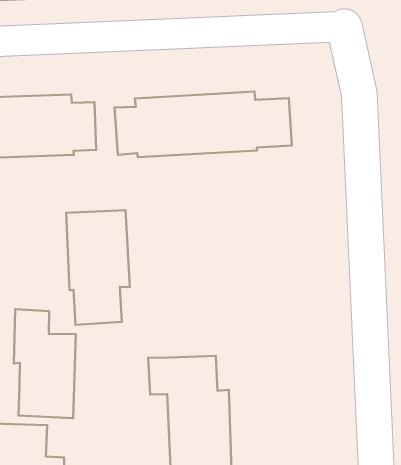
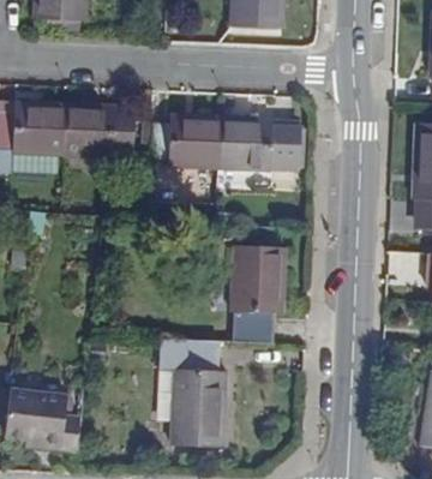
building: [66,210,130,325] -> [230,246,284,343]
building: [14,309,76,418] -> none

